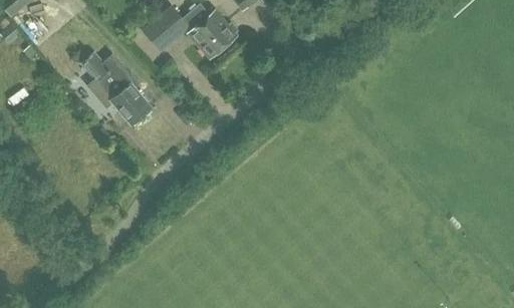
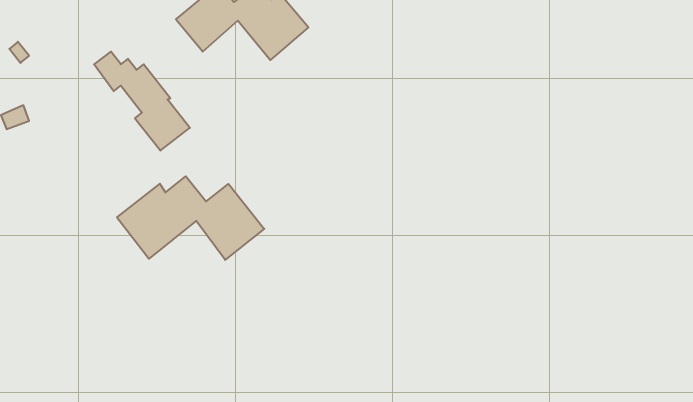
building: none -> [117,176,264,260]

